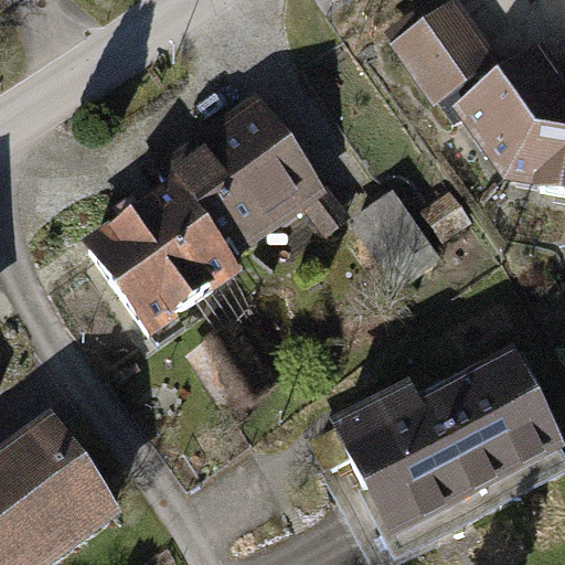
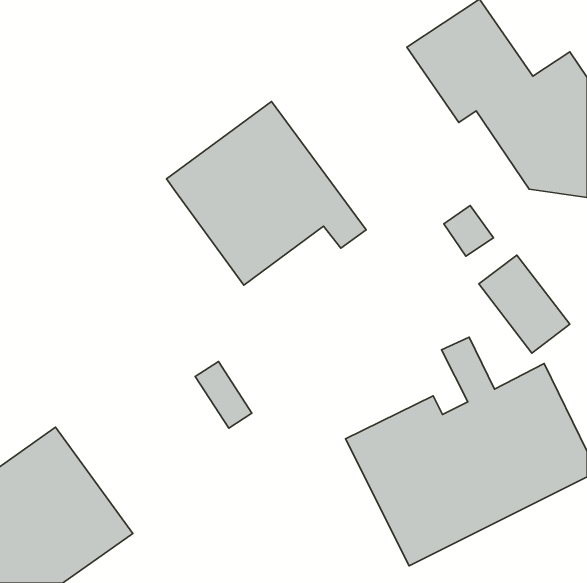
building: [82,183,233,335] -> none
building: [352,196,439,290] -> [479,255,570,353]

